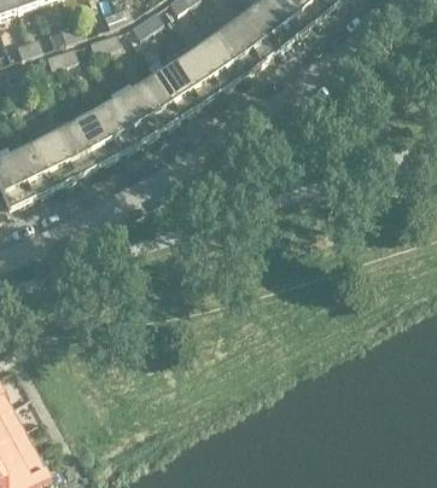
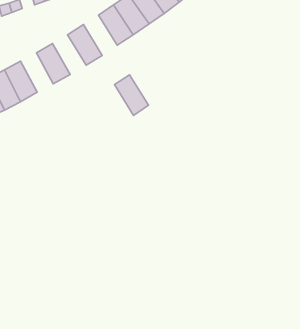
building: [151,65,194,117] -> [115,75,148,115]
building: [111,91,155,141] -> none
building: [70,114,112,164] -> none

